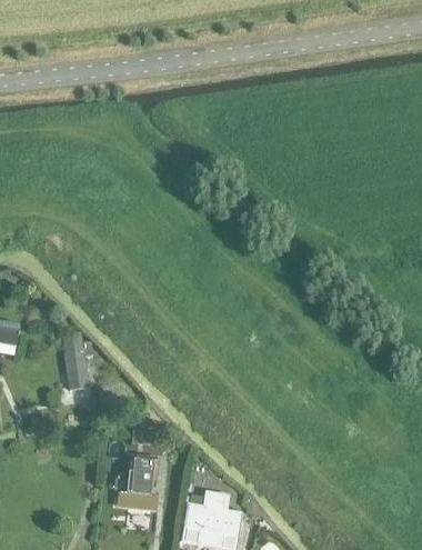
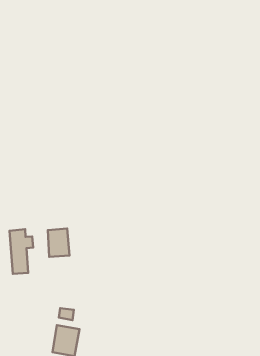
building: none -> [48,229,70,257]

